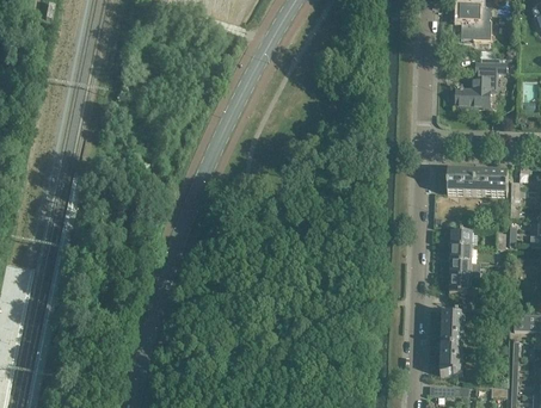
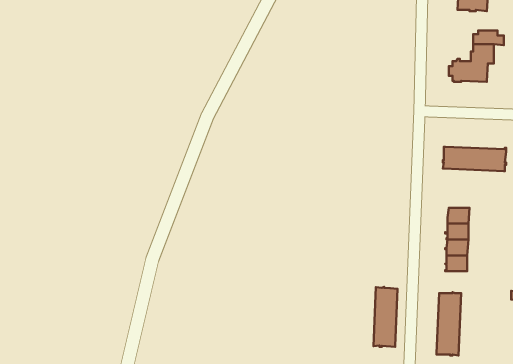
building: none -> [373,287,397,347]

